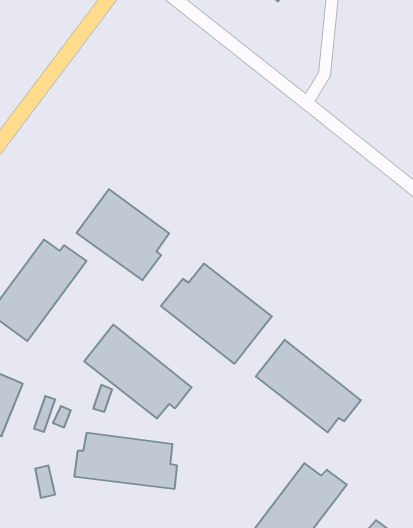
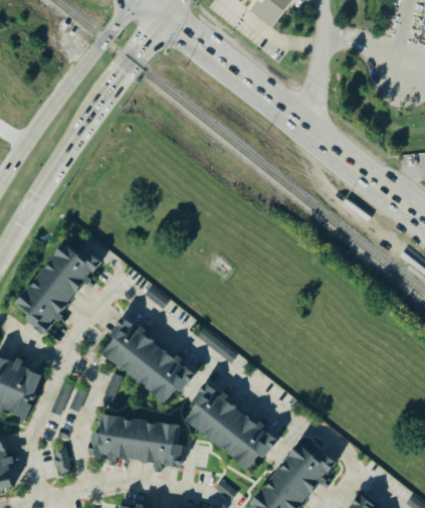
building: [77,189,169,280] -> none
building: [161,264,272,364] -> none
building: [256,340,361,432] -> [183,385,277,469]

